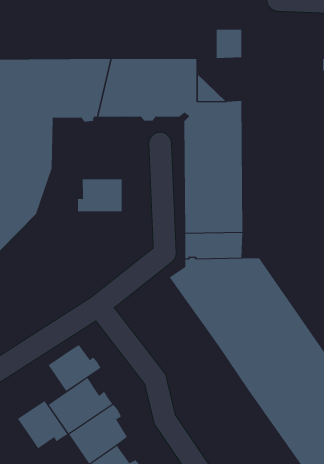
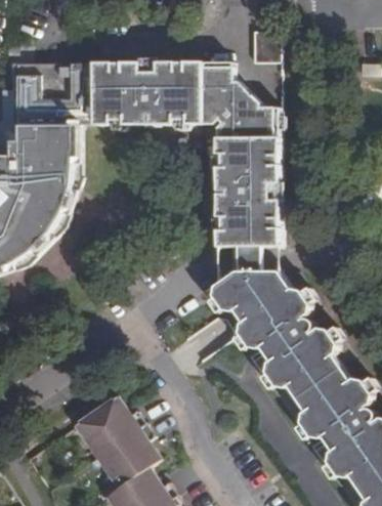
building: [77,179,122,212] -> none
building: [48,344,101,392] -> none
building: [17,400,68,449] -> none

